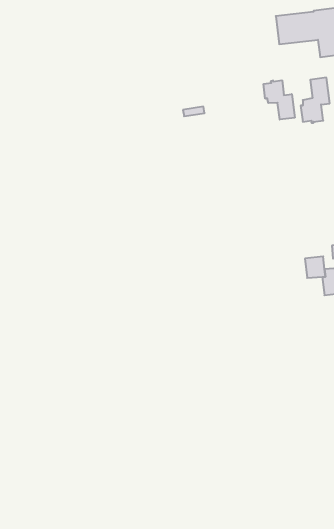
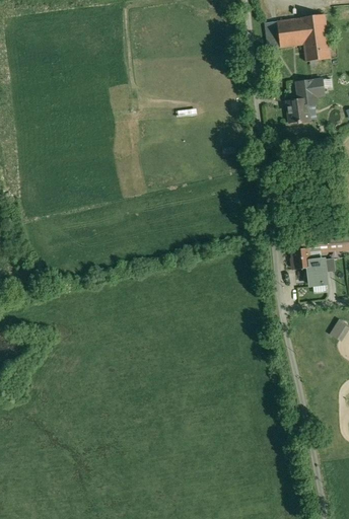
building: [264,80,295,120] -> none

